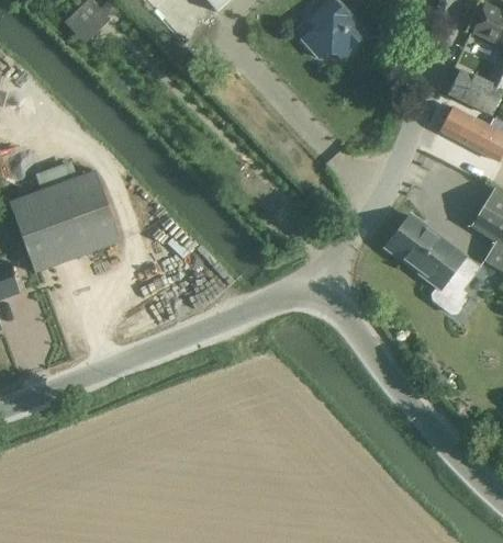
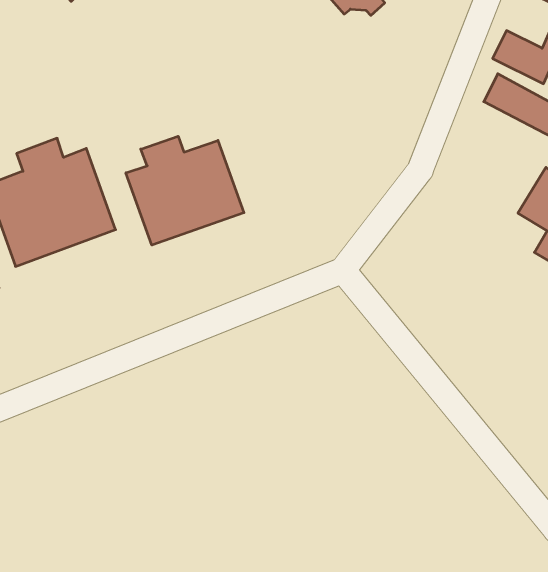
building: none -> [126,136,244,245]
building: [385,214,479,316] -> none

